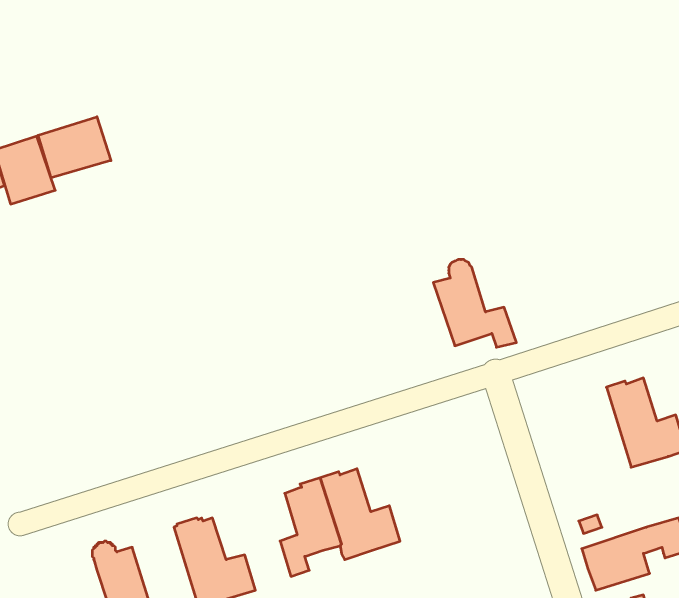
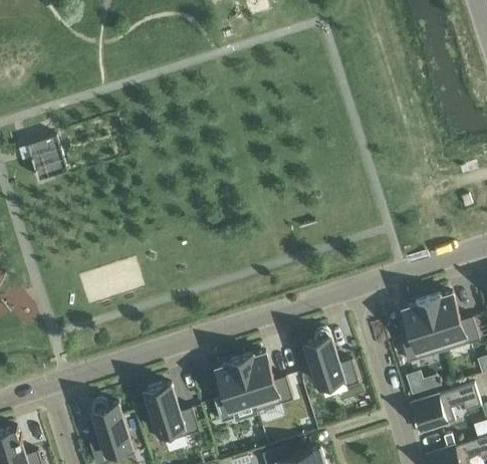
building: [38,117,111,178] -> none
building: [433,260,516,347] -> [303,328,357,386]
building: none -> [400,298,442,362]

